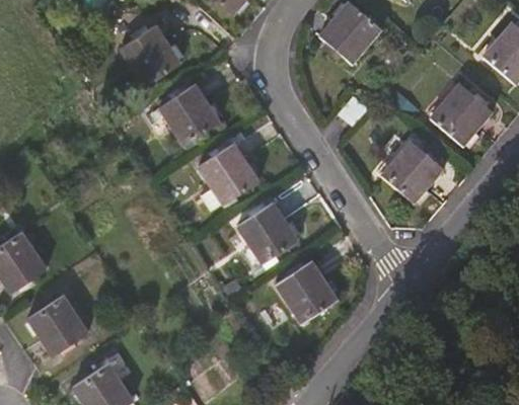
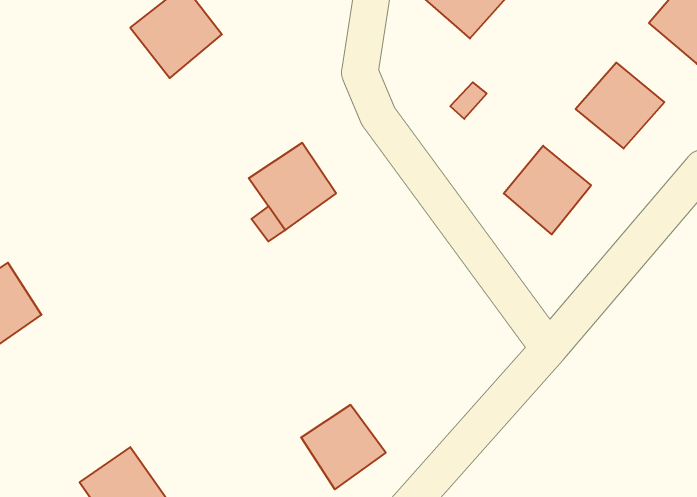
building: [156,82,217,144] -> none
building: [232,196,295,264] -> none
building: [271,252,331,313] -> [301,405,386,489]
building: [29,293,91,353] -> none

